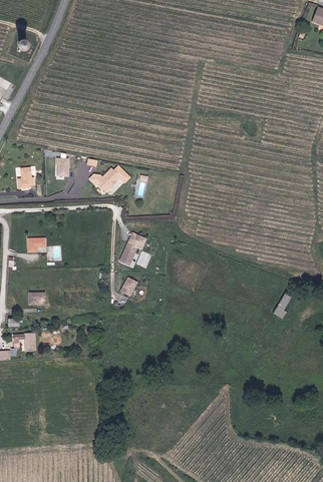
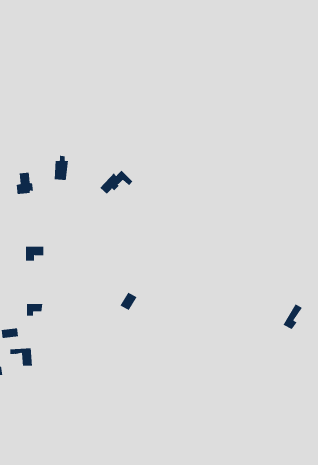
building: [117,235,144,267] -> none

